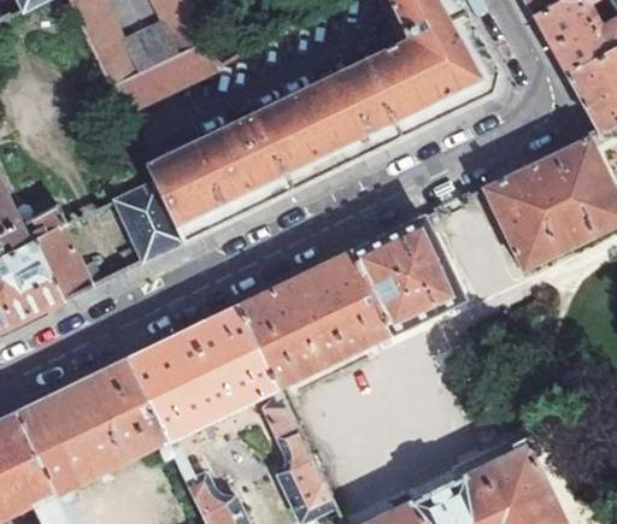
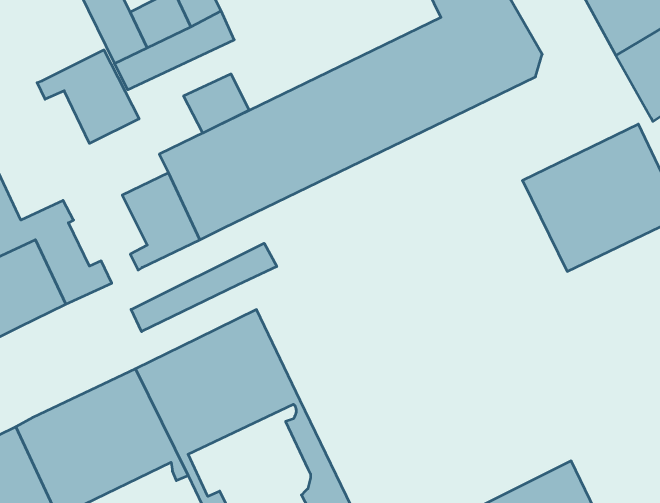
building: none -> [37,50,139,143]
building: none -> [184,74,249,133]
building: [237,216,463,389] -> none
building: none -> [131,243,277,332]

